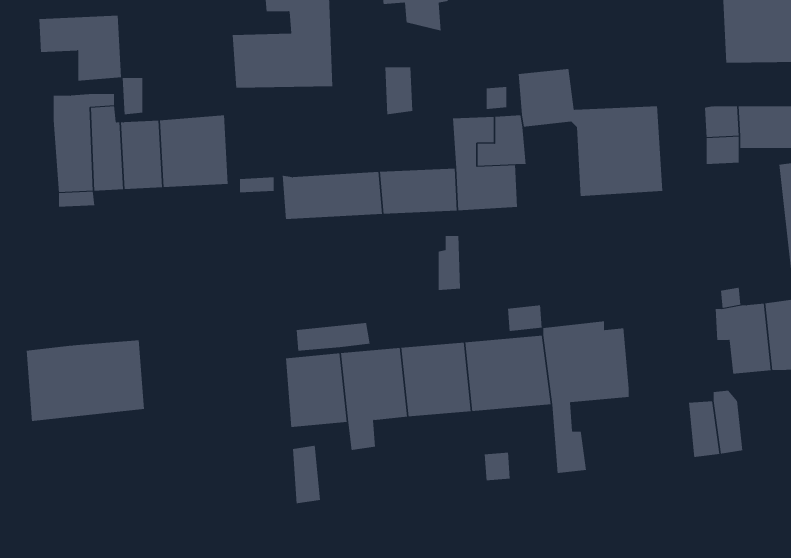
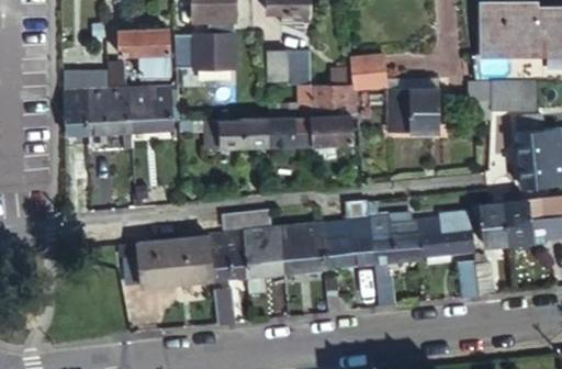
building: [39,15,122,81] -> [121,31,172,71]
building: none -> [419,213,474,262]
building: [26,340,145,422] -> [139,235,213,286]

